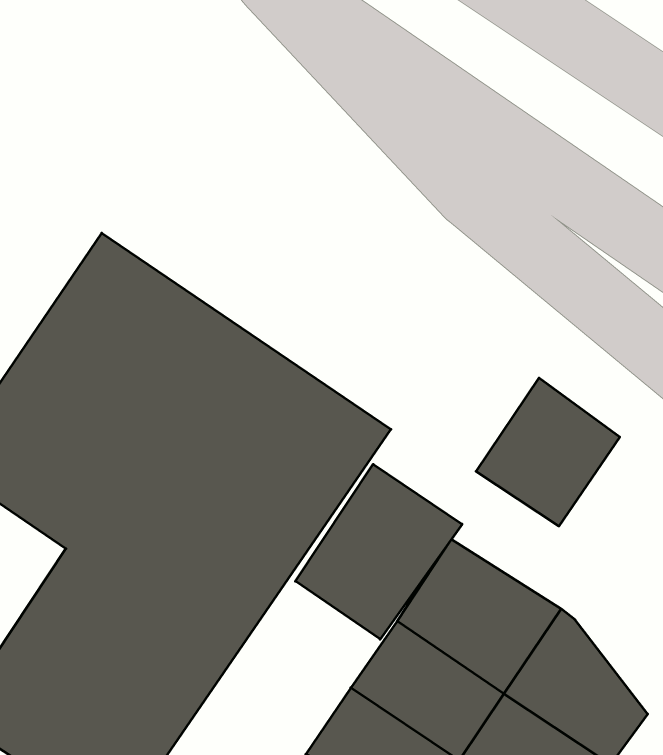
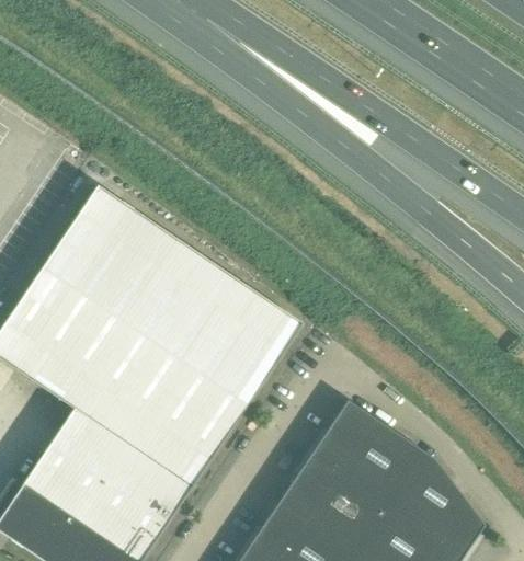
building: [476,378,620,526] -> none
building: [295,464,462,639] -> none

